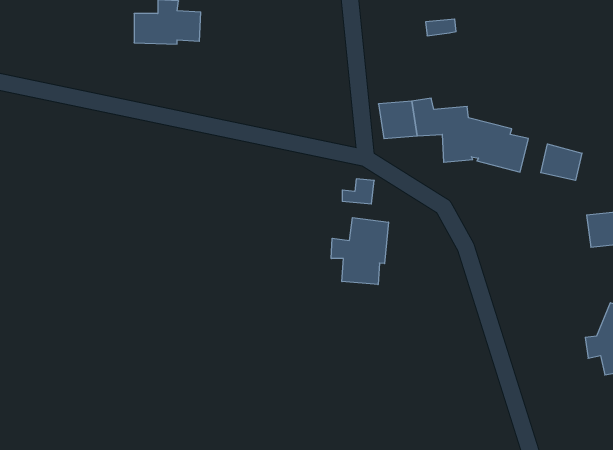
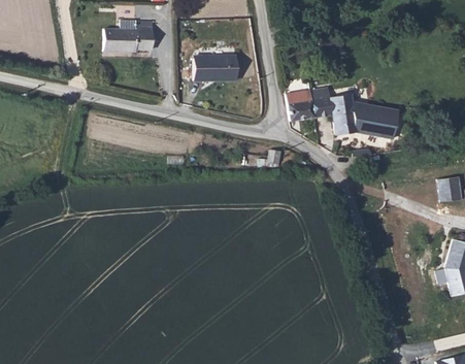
building: none -> [195,53,237,78]
building: [541,144,582,180] -> none
building: [331,218,388,285] -> none

